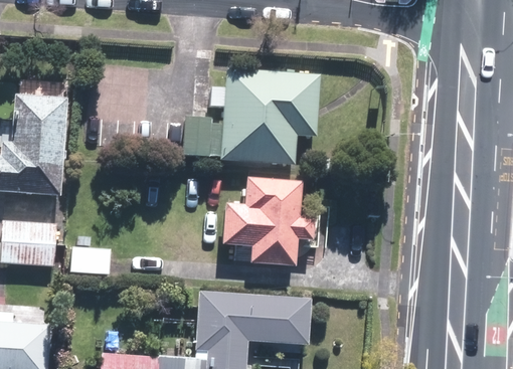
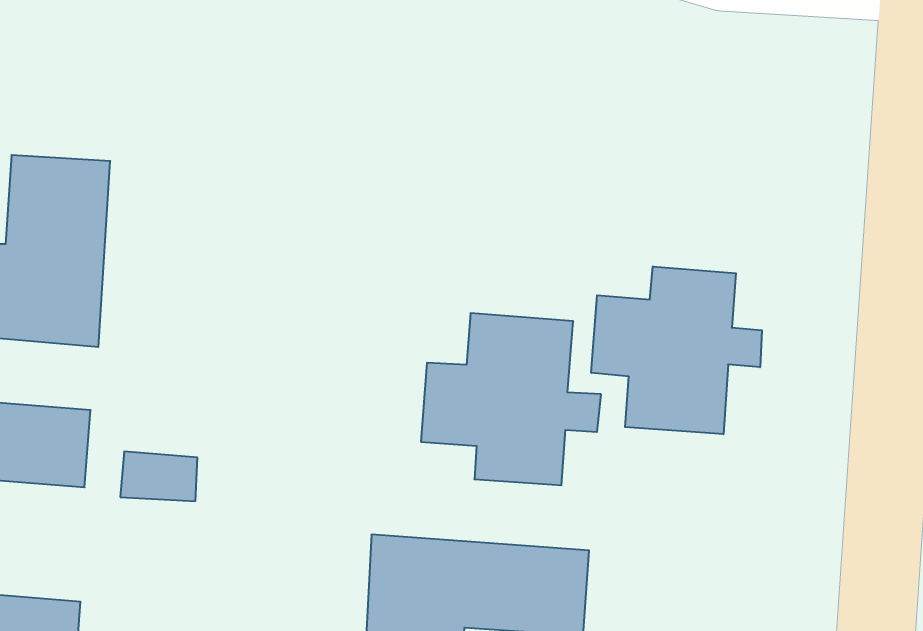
building: [184,70,320,165] -> none
building: none -> [591,266,762,434]

